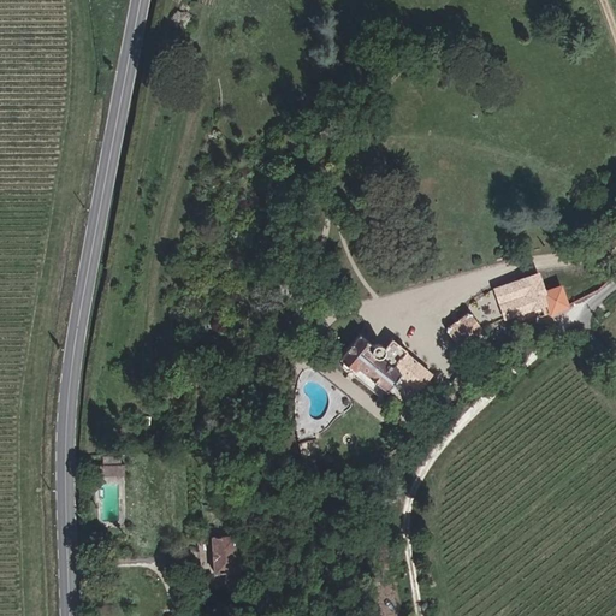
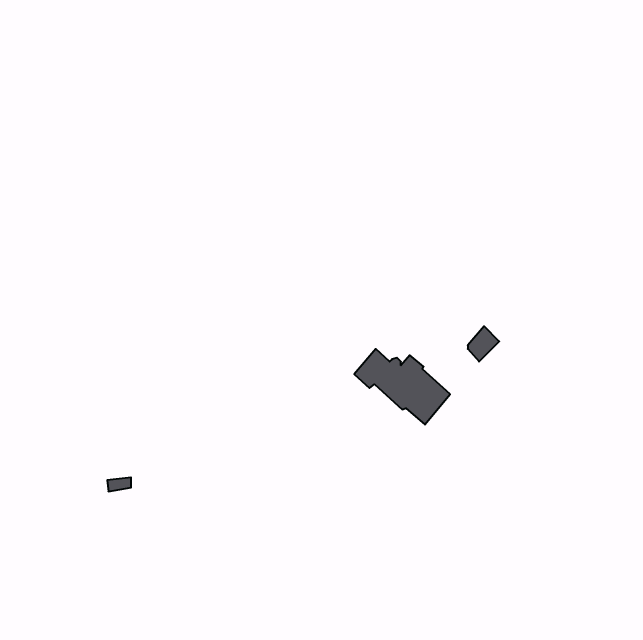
building: [496,277,568,316] -> none
building: [209,534,236,574] -> none

